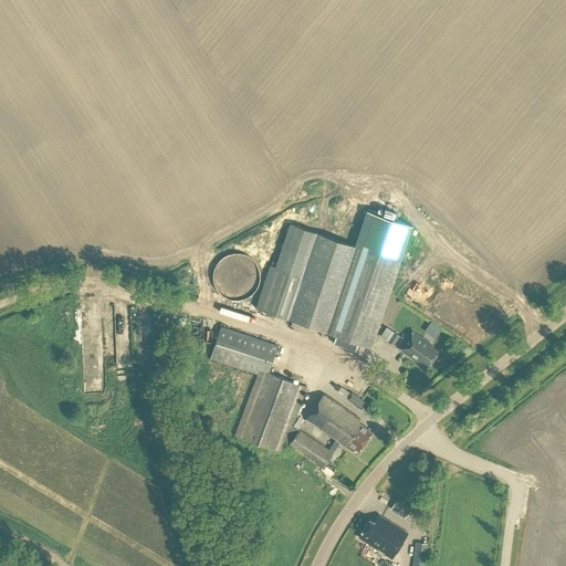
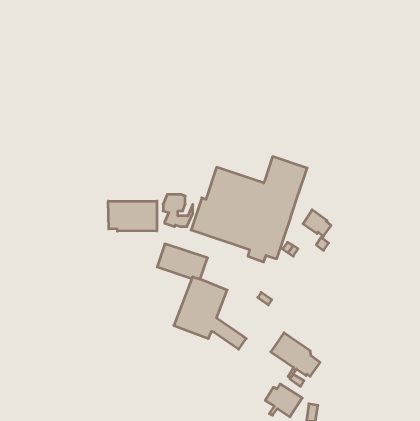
building: none -> [108,201,157,231]
building: [400,332,438,367] -> [303,210,331,236]
building: [304,394,370,454] -> [271,333,320,378]

